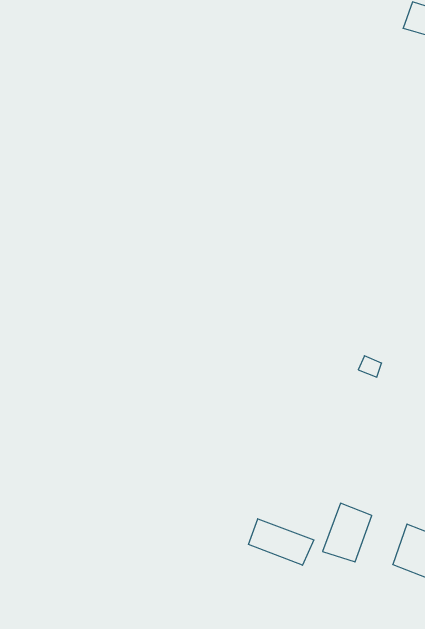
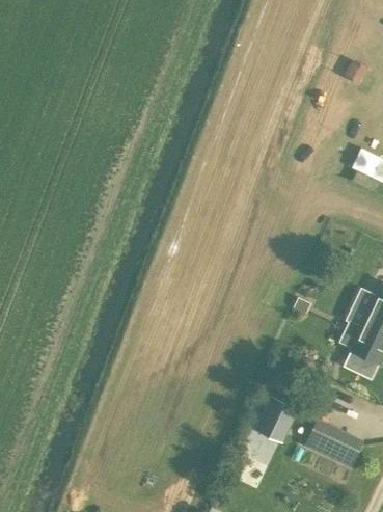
building: [249,519,314,565] -> none

